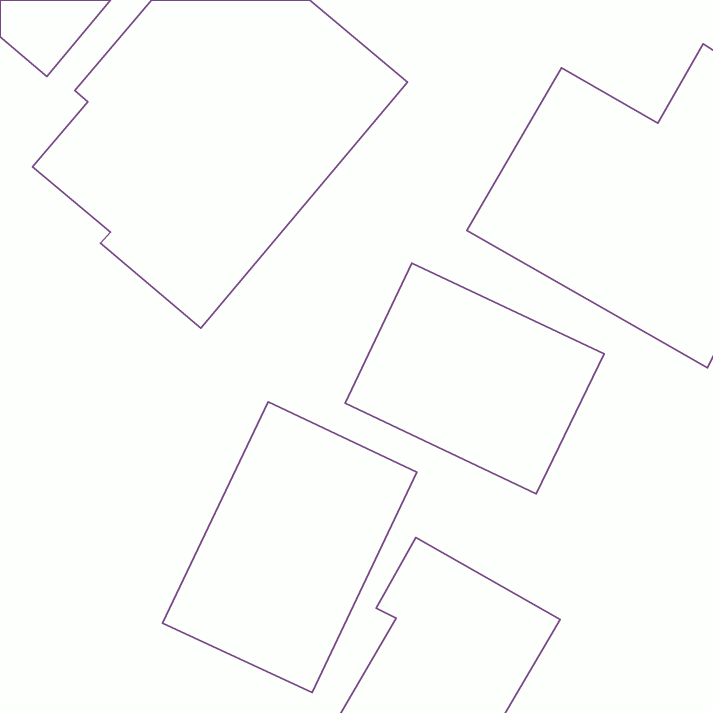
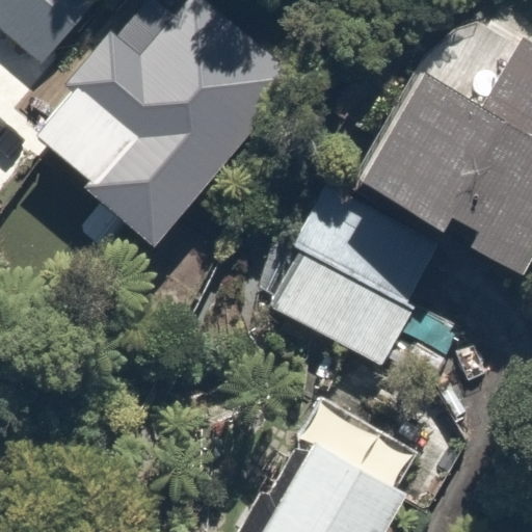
building: [162,402,417,692] -> none

